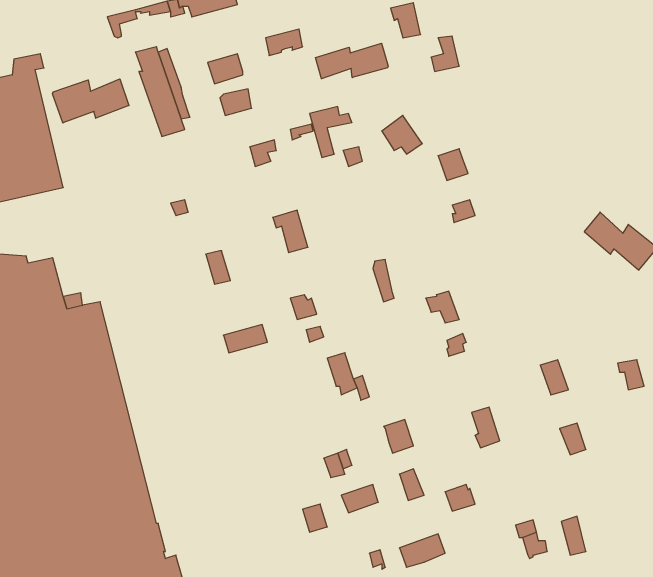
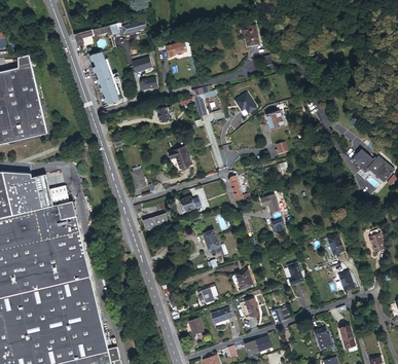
building: [315,43,388,79] -> none
building: [53,79,129,123] -> none

